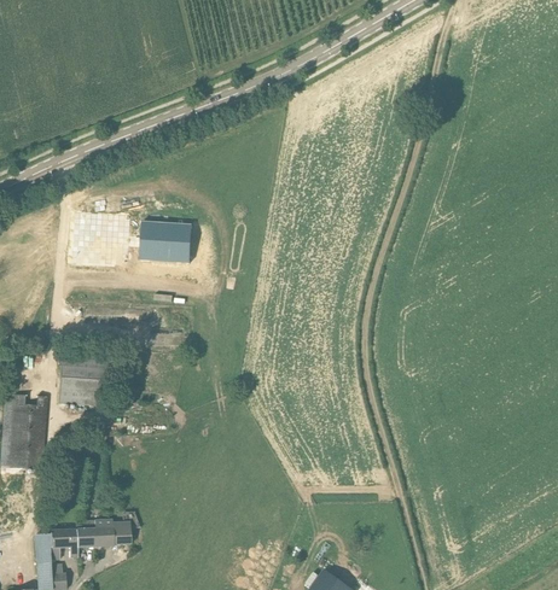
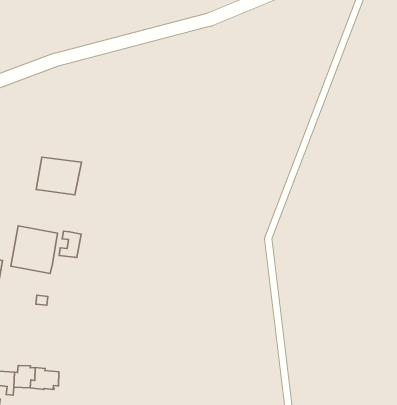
building: [138,218,188,259] -> [36,157,81,195]
building: none -> [59,231,81,257]

